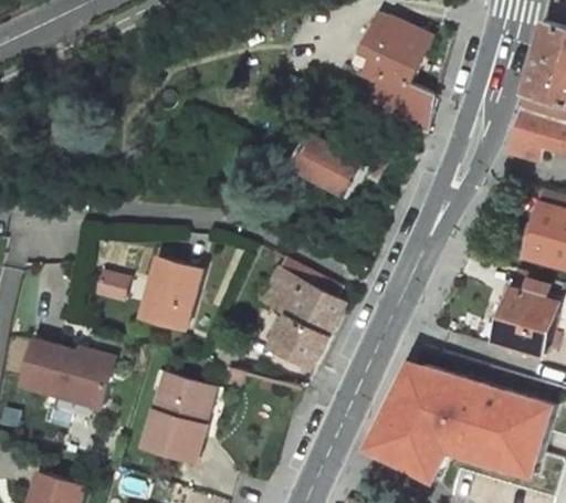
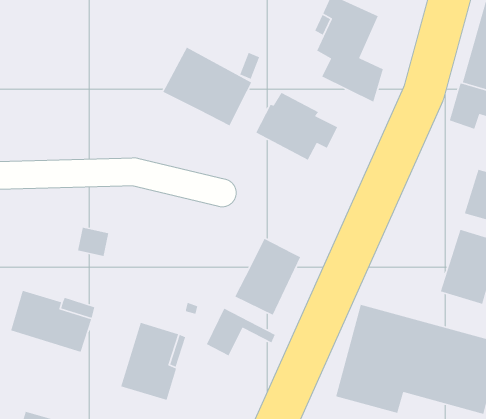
building: none -> [162,46,252,127]
building: [144,259,200,329] -> none
building: [260,260,337,314] -> [206,308,276,357]

